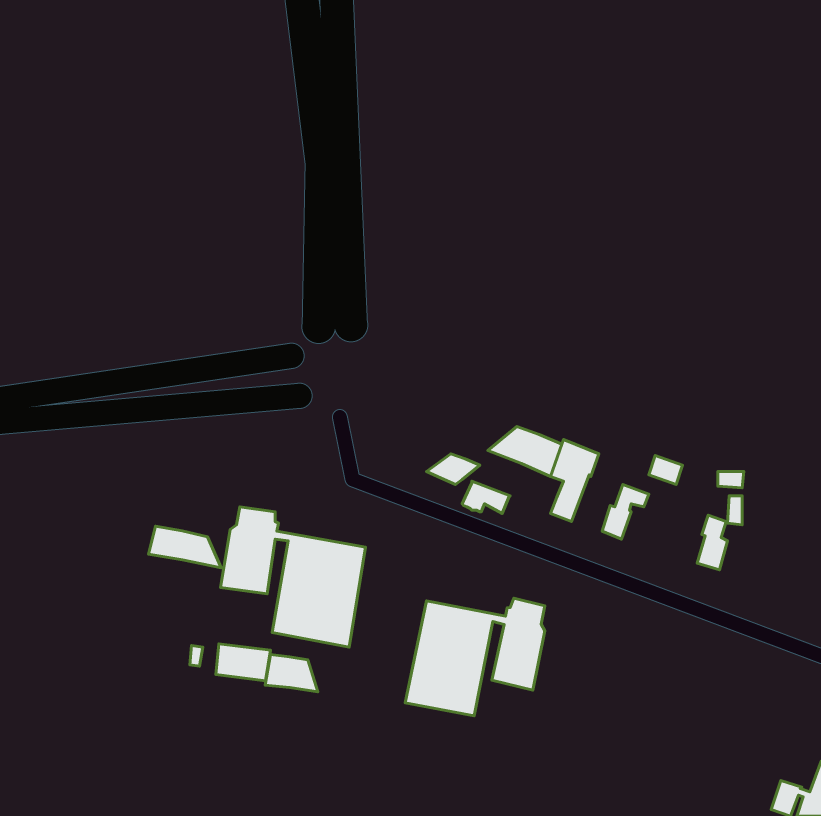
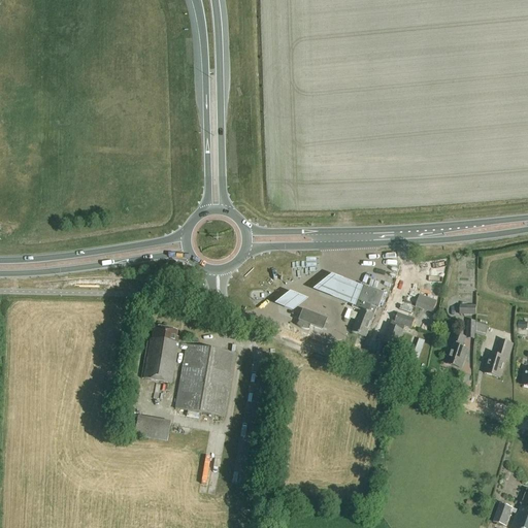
building: [148,526,221,568] -> none
building: none -> [485,338,514,374]
building: [405,598,545,716] -> none
building: [265,655,318,692] -> none

